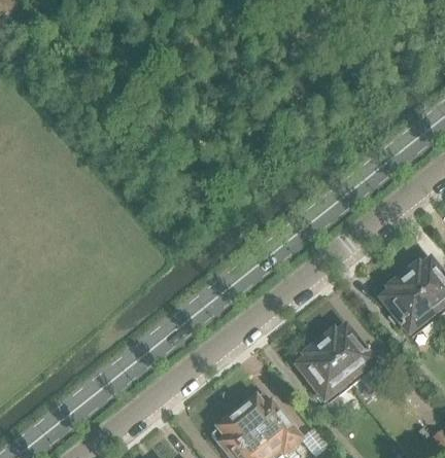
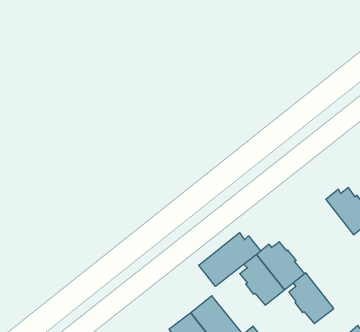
building: [379,273,434,334] -> [289,273,334,324]
building: none -> [199,233,261,286]

